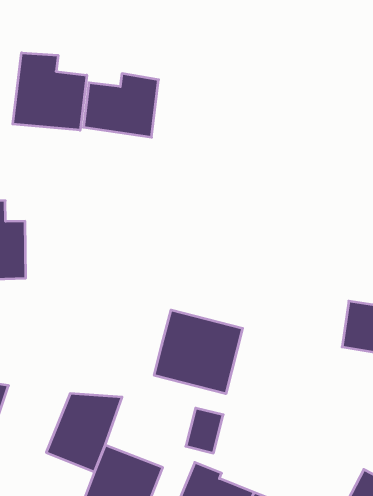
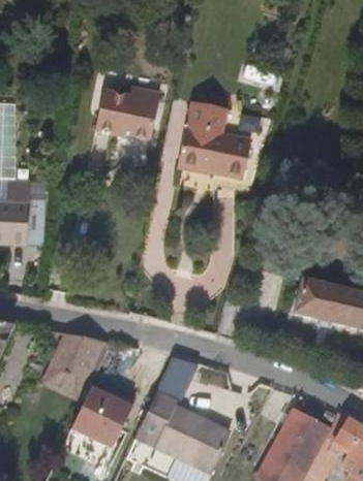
building: [13,53,87,130] -> none
building: none -> [183,98,253,170]
building: [154,310,243,394] -> none

